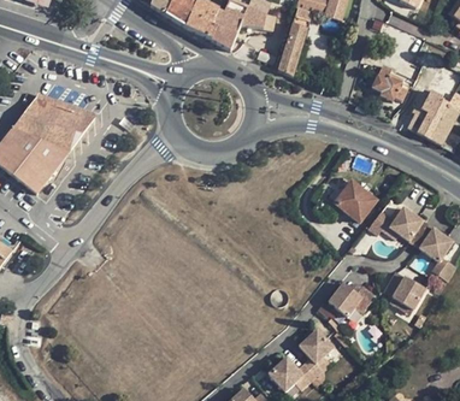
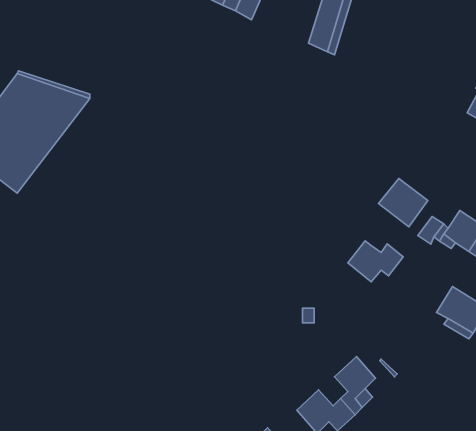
building: [371,65,408,102] -> none
building: [329,283,375,317] -> [348,241,403,282]

